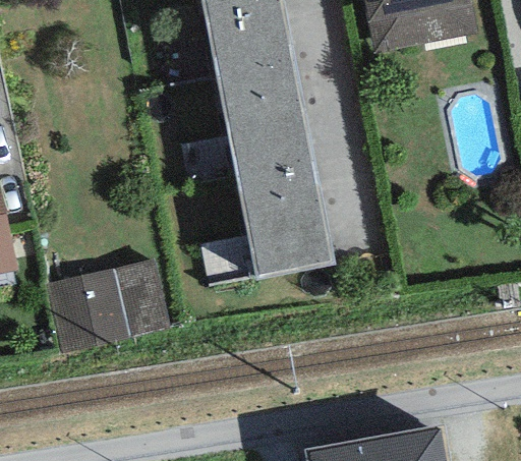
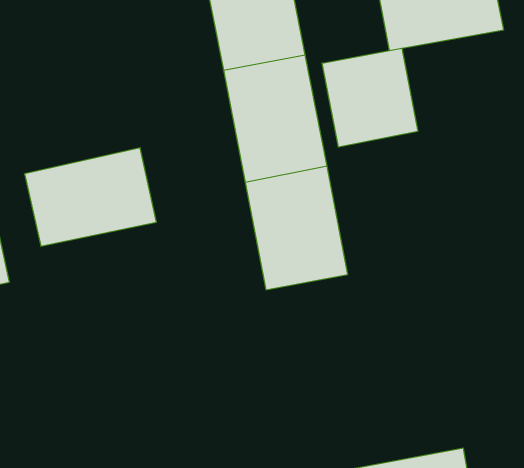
building: none -> [322,48,418,147]
building: [46,261,169,352] -> [24,148,156,246]

